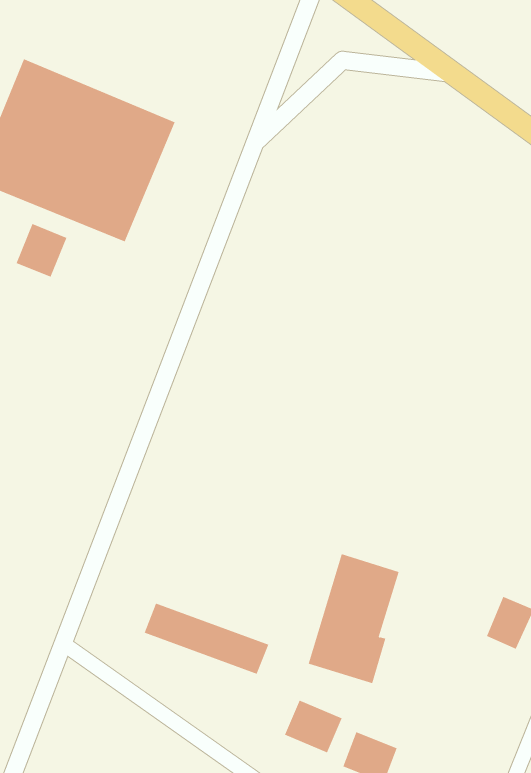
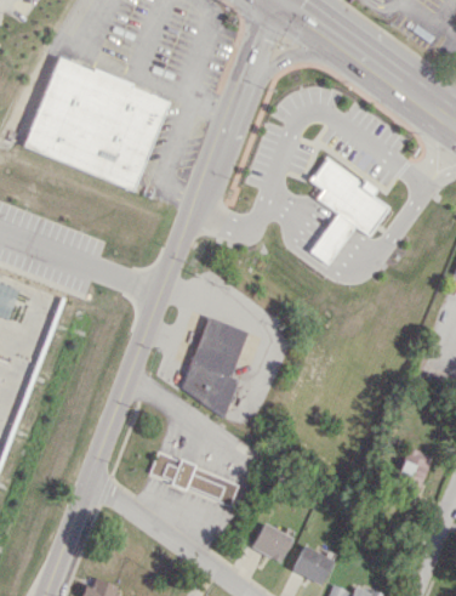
building: none -> [309,157,388,265]
building: [16,223,67,278] -> none
building: [308,554,400,684] -> [181,317,247,411]

